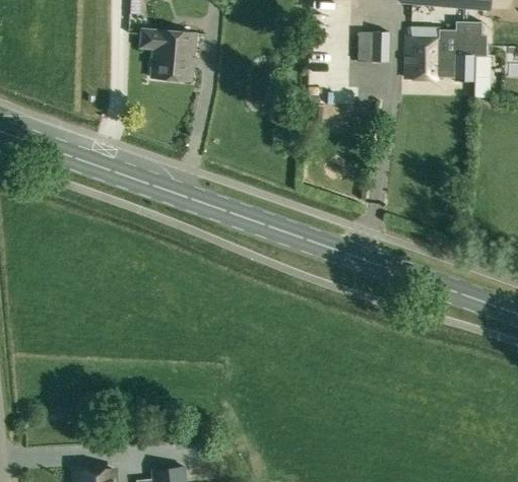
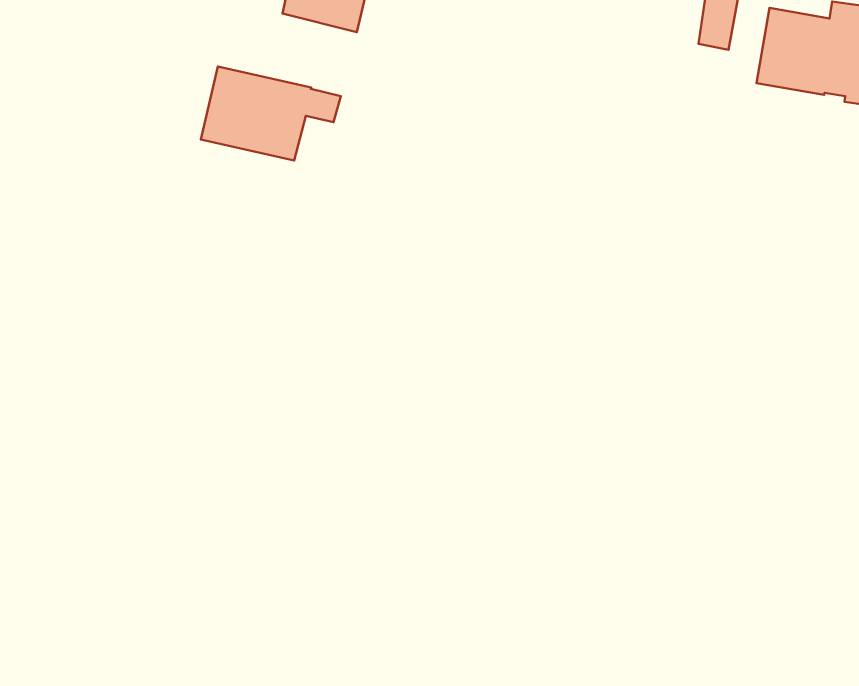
building: none -> [201,66,341,161]

